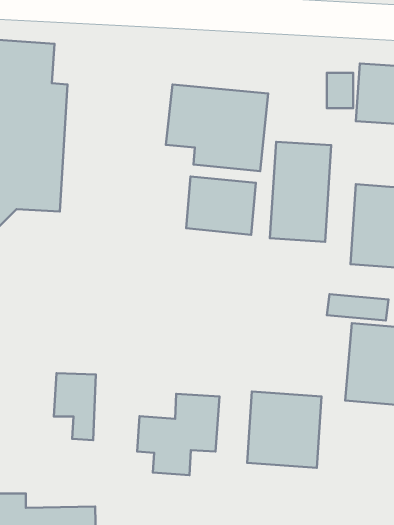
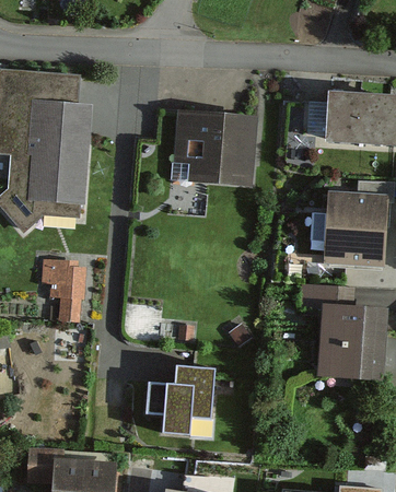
building: [270,142,331,242] -> none
building: [186,176,256,235] -> none
building: [54,373,96,440] -> [46,261,81,317]
building: [247,391,322,468] -> none

